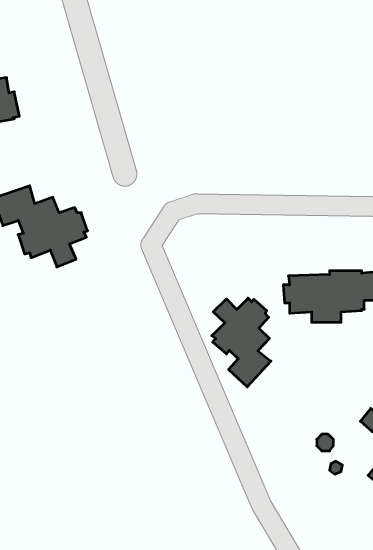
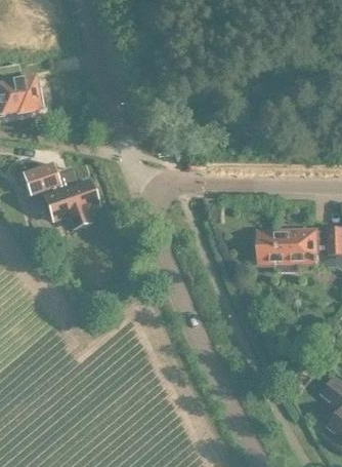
building: [212,298,271,387] -> none

